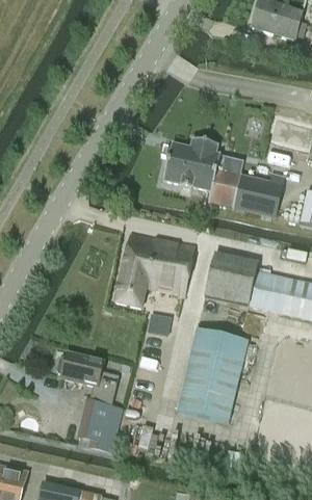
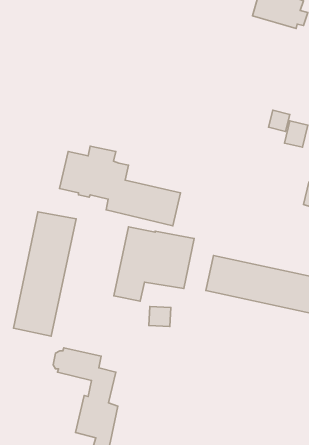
building: [162,138,281,216] -> [60,146,180,226]
building: none -> [13,212,76,336]
building: [183,327,241,415] -> none

